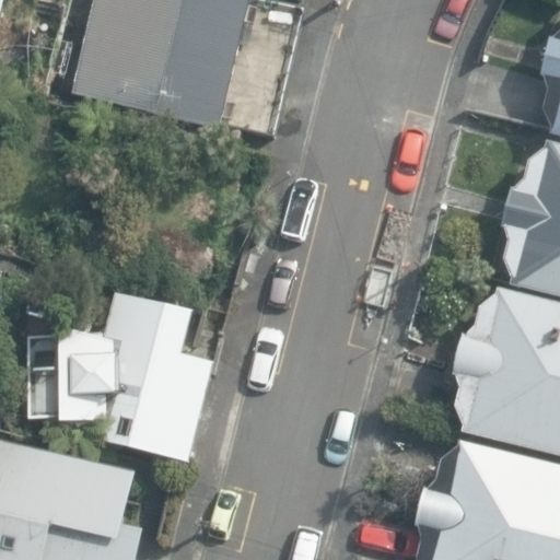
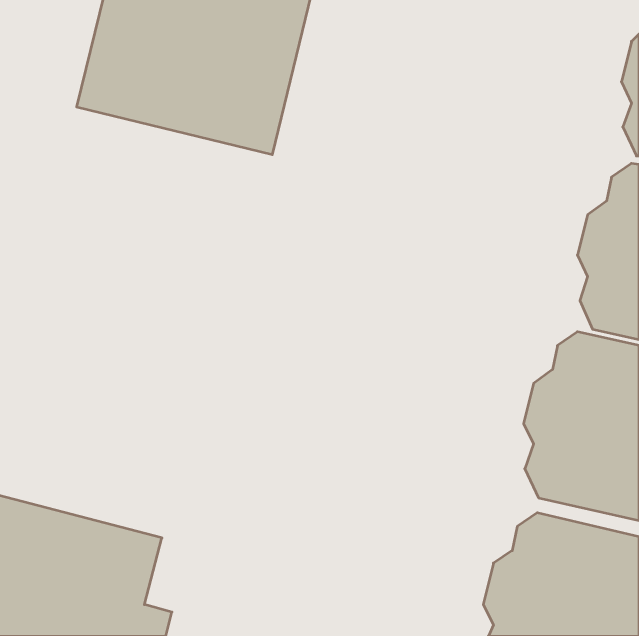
building: [60,293,217,466] -> none

